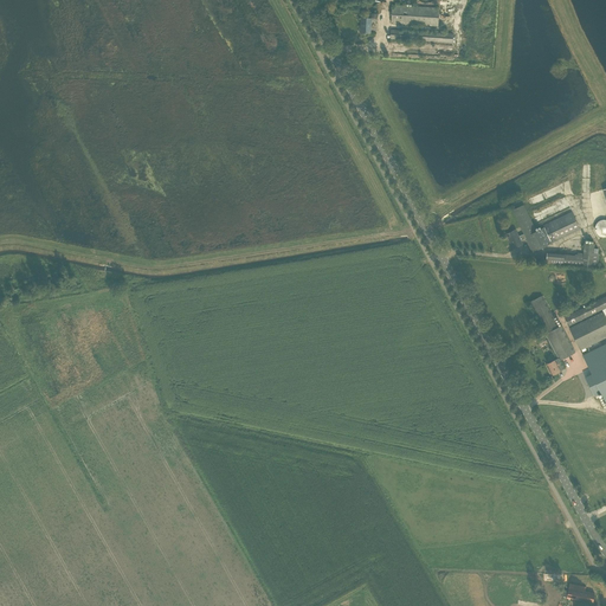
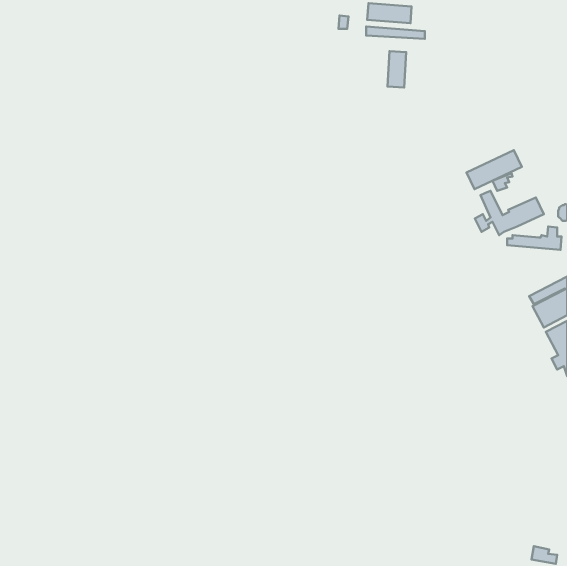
building: none -> [388,51,406,88]
building: none -> [467,150,522,189]
building: [529,295,575,373] -> none

